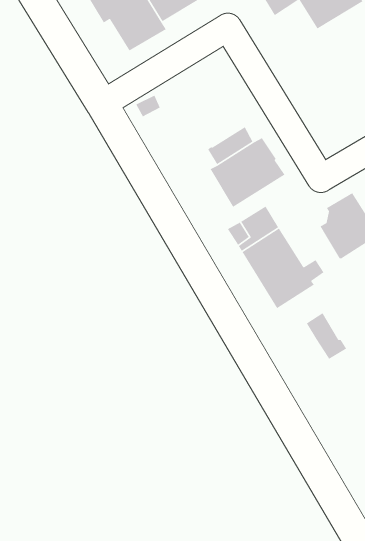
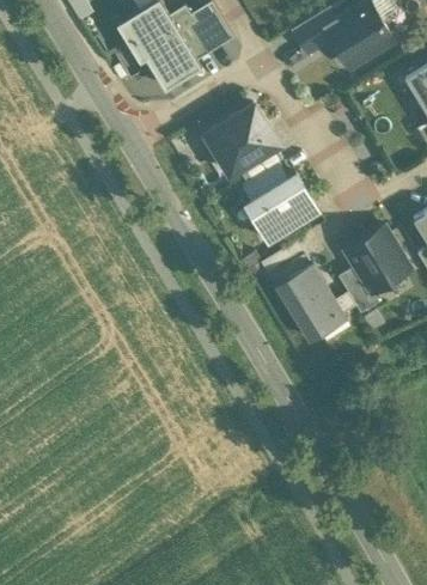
building: none -> [206,105,275,175]
building: [306,312,347,360] -> [338,267,379,313]

